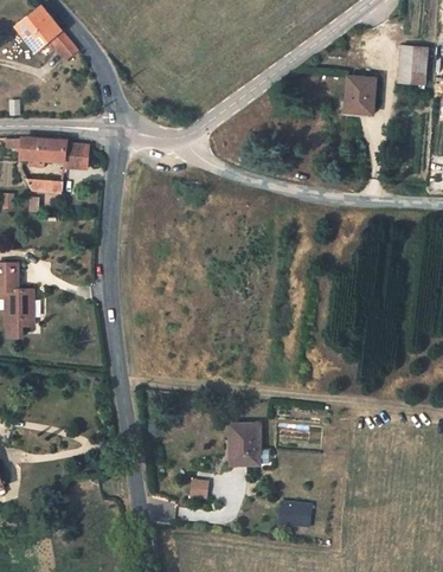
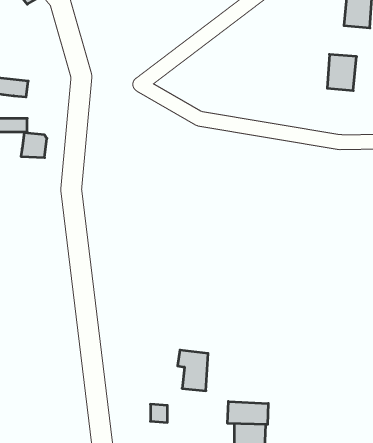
building: [344,77,374,115] -> [327,54,357,91]
building: [62,141,89,167] -> [21,133,47,158]
building: none -> [228,401,268,424]

